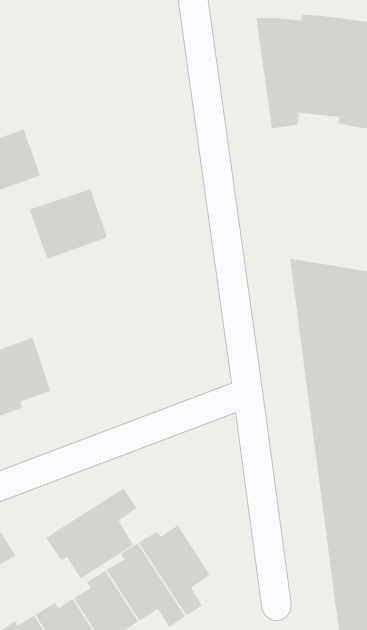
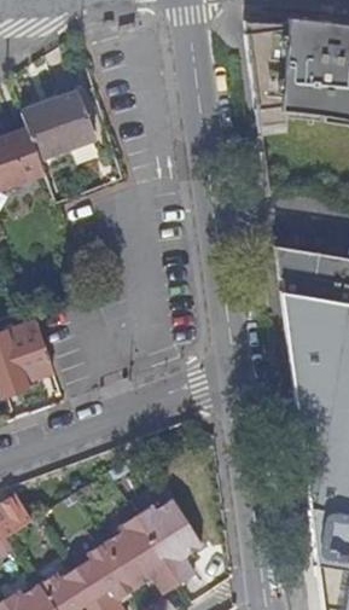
building: [29,188,108,260] -> [22,89,95,156]
building: [45,488,137,580] -> none

